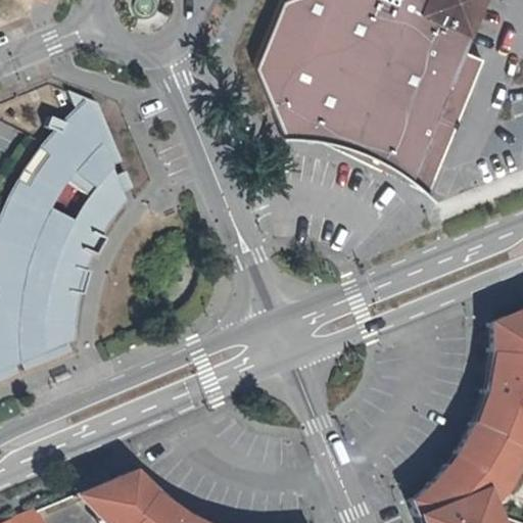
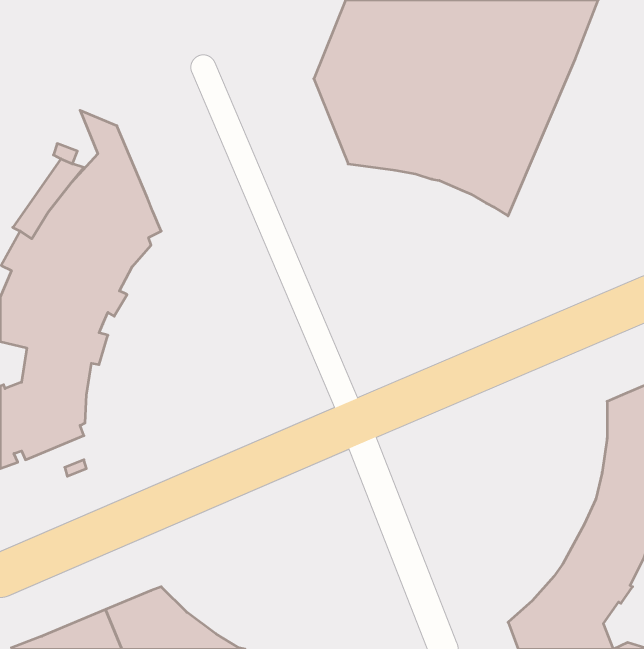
building: [413,47,486,188] -> none

